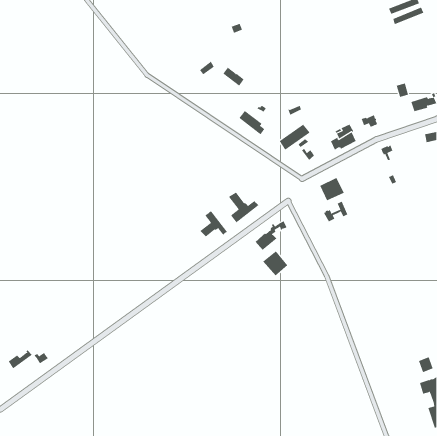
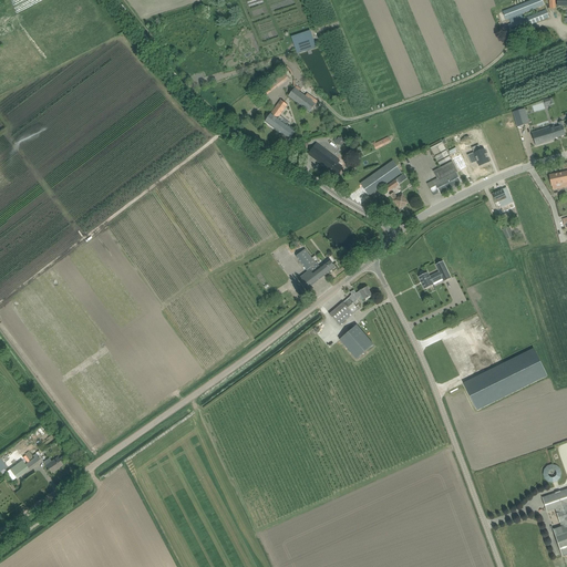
building: none -> [266,99,296,138]
building: [320,177,345,201] -> none
building: [200,210,228,238] -> none
building: none -> [464,348,547,409]

